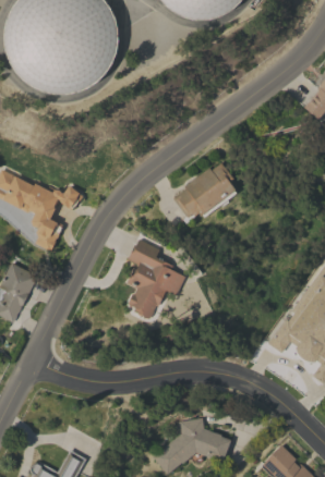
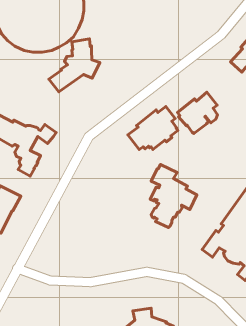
building: none -> [49,39,100,92]
building: none -> [177,92,218,133]
building: [127,238,185,318] -> [150,165,197,228]

